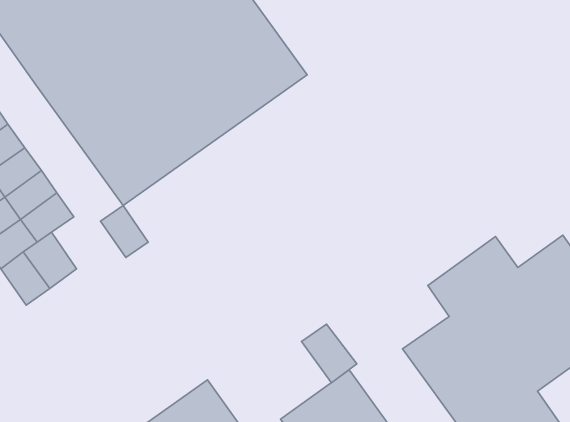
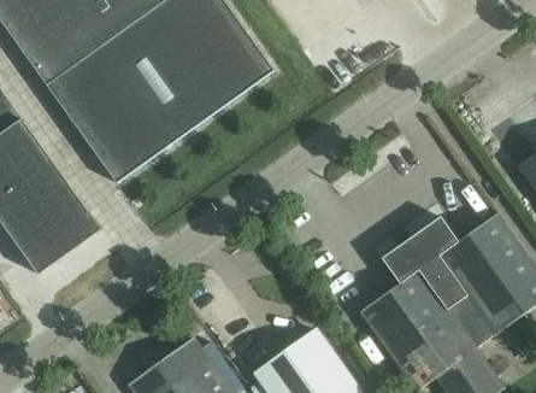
building: [101,206,148,258] -> [59,198,100,242]
building: [302,324,357,383] -> none

